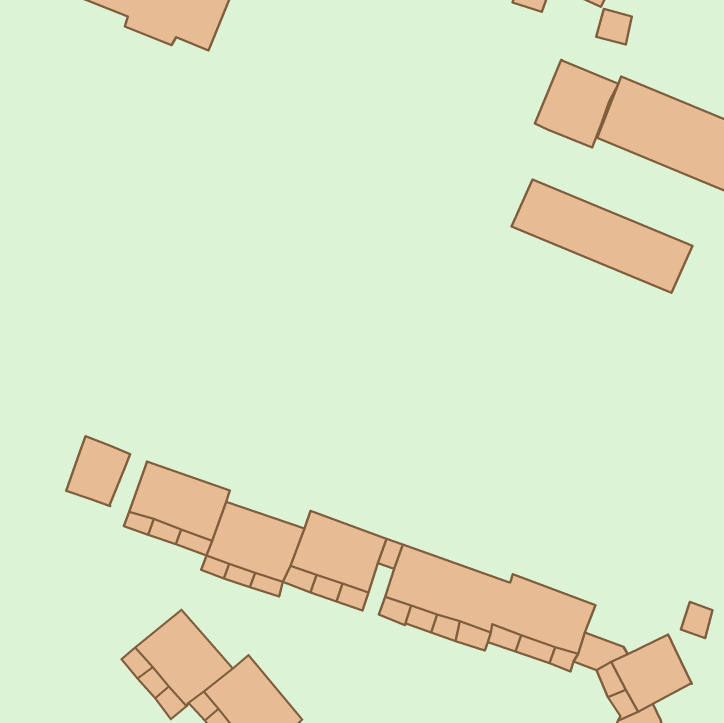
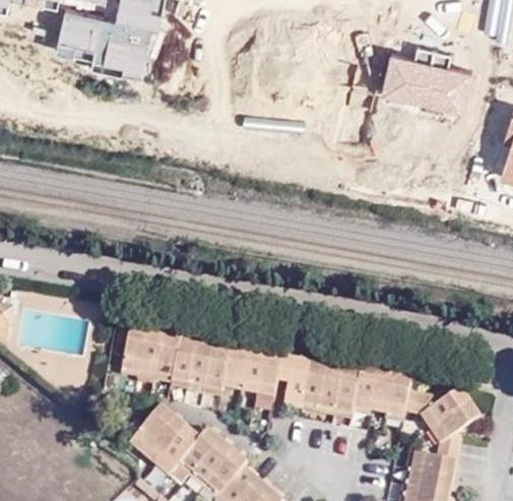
building: [535,60,618,147] -> none
building: [512,180,693,293] -> none
building: [66,436,130,506] -> none

